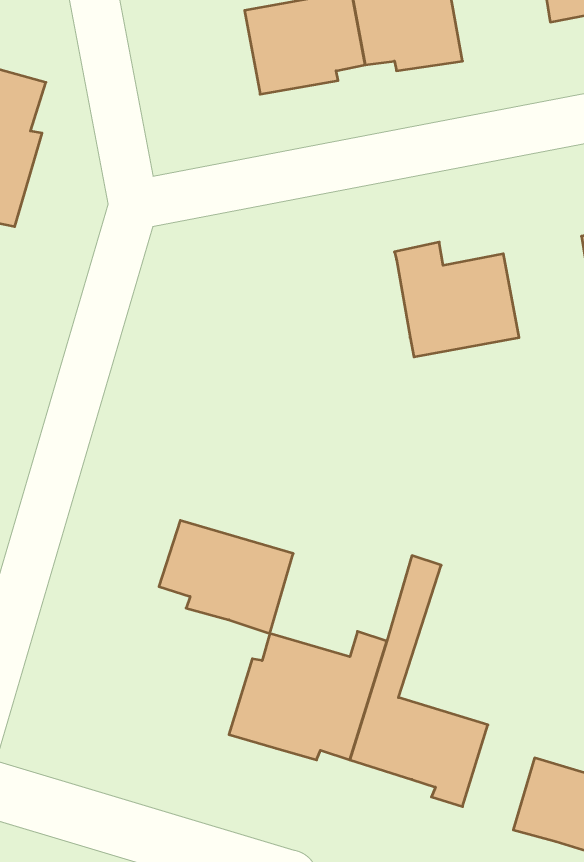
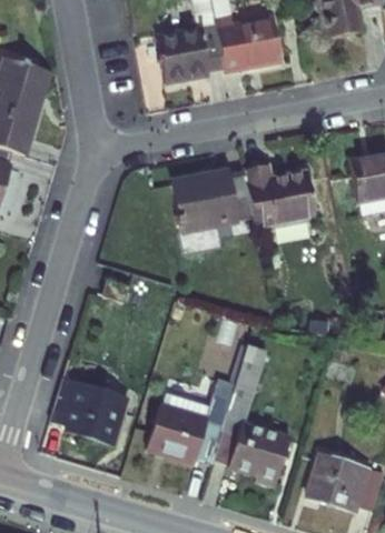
building: none -> [170,169,249,230]
building: [159,520,293,633] -> [53,375,130,440]

